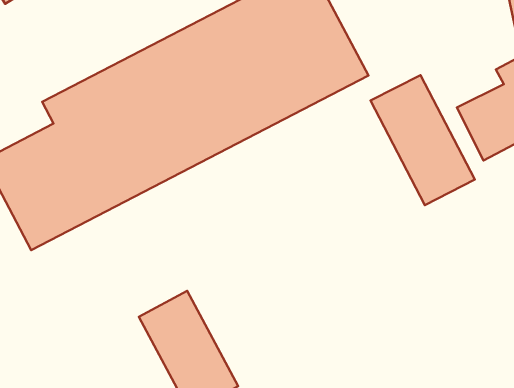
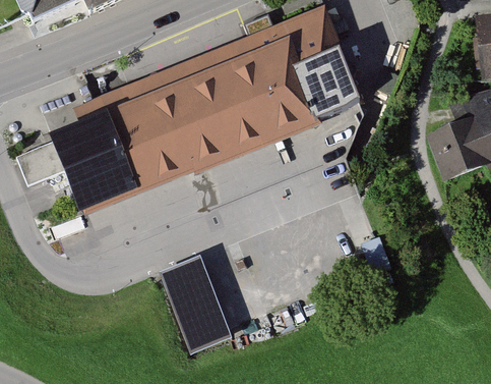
building: [370,75,475,205] -> none

